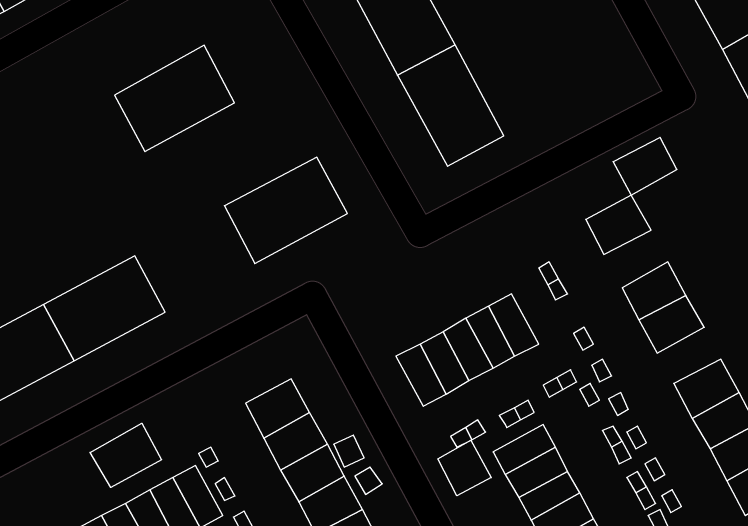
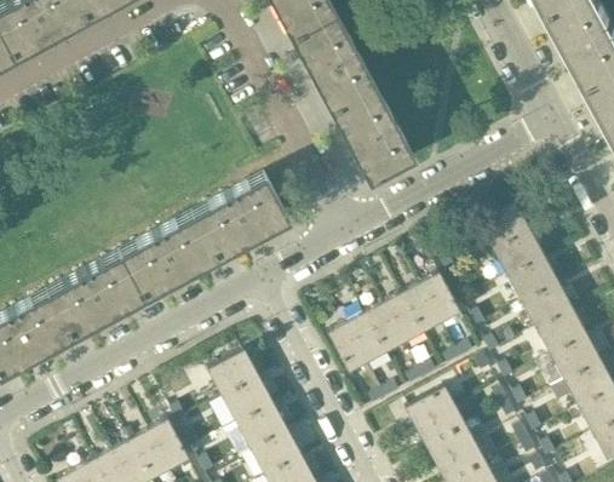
building: [115,45,234,152] -> [120,213,216,298]
building: [613,137,677,195] -> [494,233,545,279]
building: none -> [420,274,460,323]
building: none -> [536,310,587,355]
building: [90,423,162,487] -> none
building: [438,440,491,496] -> none

